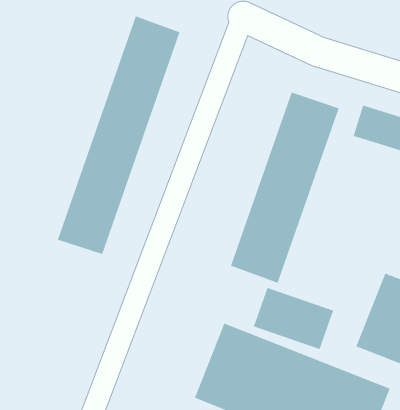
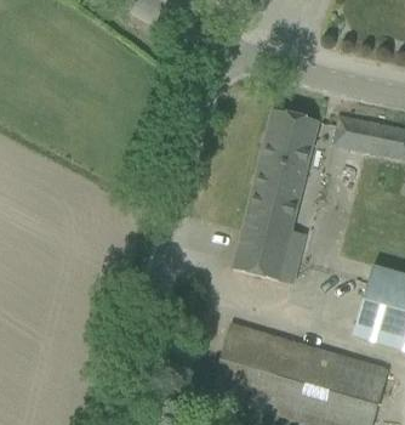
building: [57,16,180,255] -> none
building: [253,287,334,350] -> none

